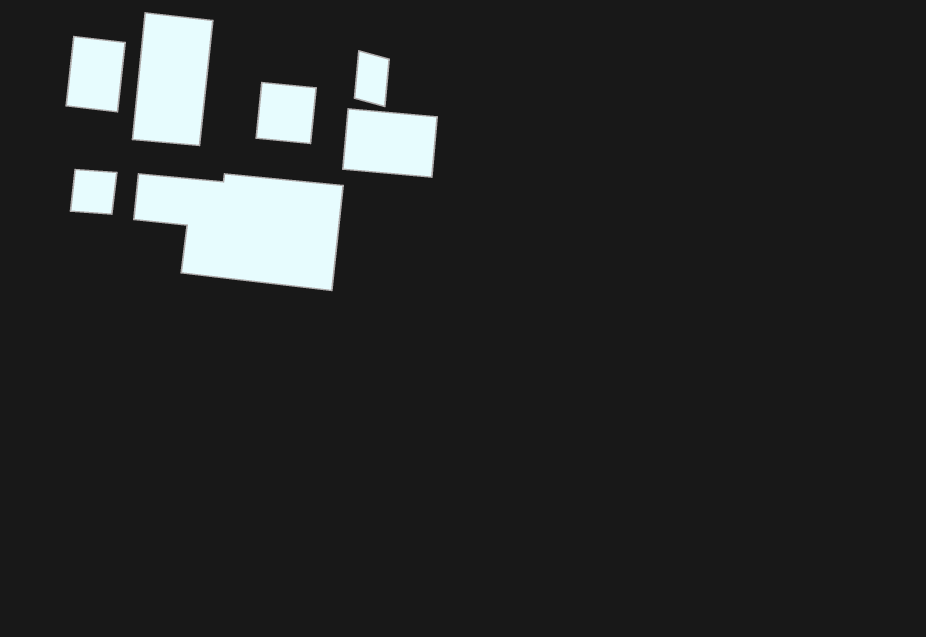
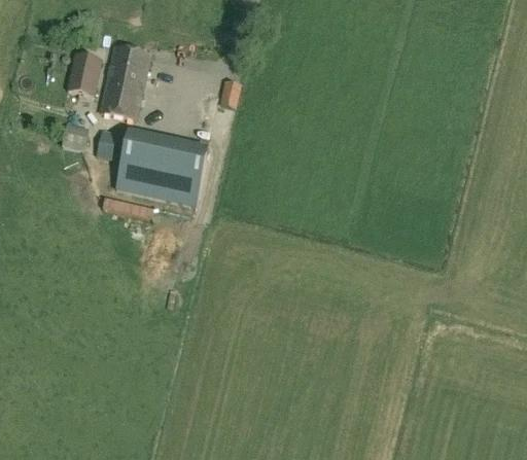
building: [256,83,316,144] -> none
building: [343,109,437,177] -> none

